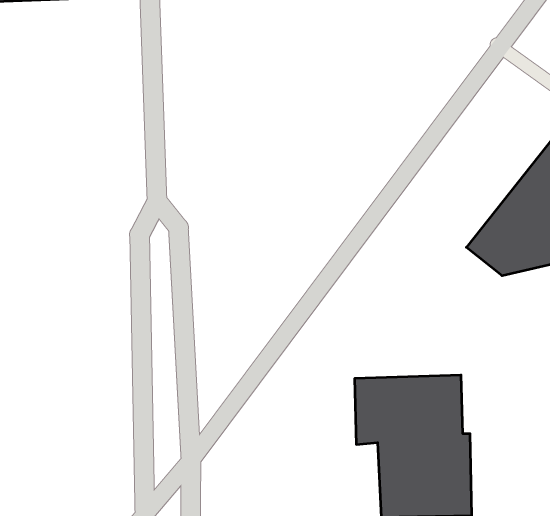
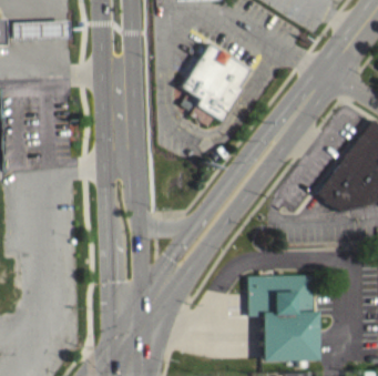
building: none -> [182,43,251,125]

